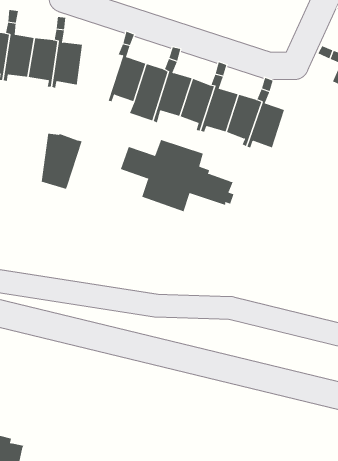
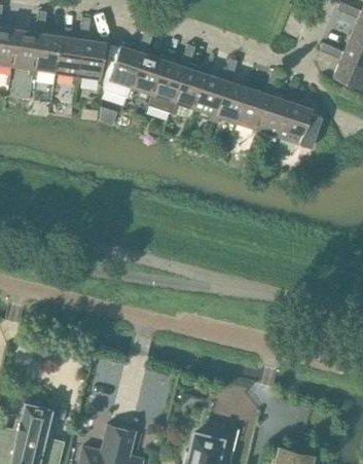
building: none -> [279,102,318,146]
building: [41,133,82,190] -> [104,45,142,97]
building: [120,139,234,212] -> none

